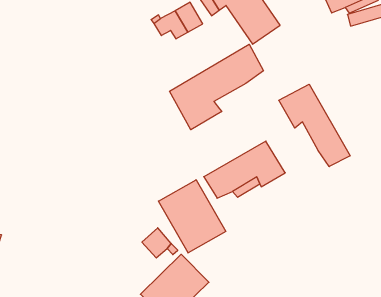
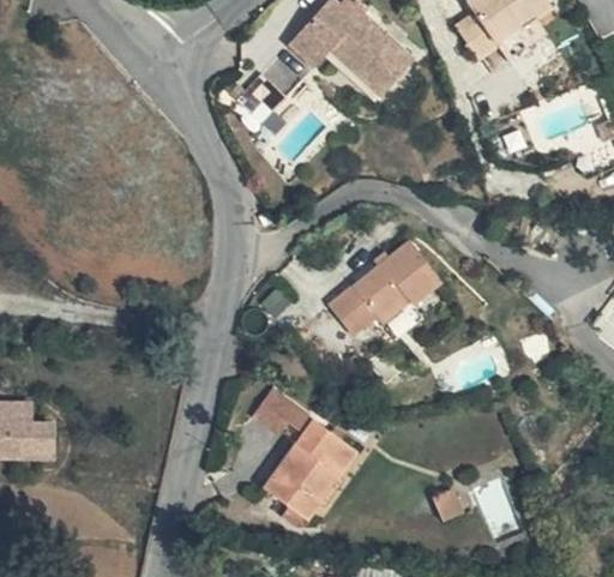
building: [170,44,263,130] -> none
building: [279,84,350,167] -> none
building: [158,180,226,253] -> none

